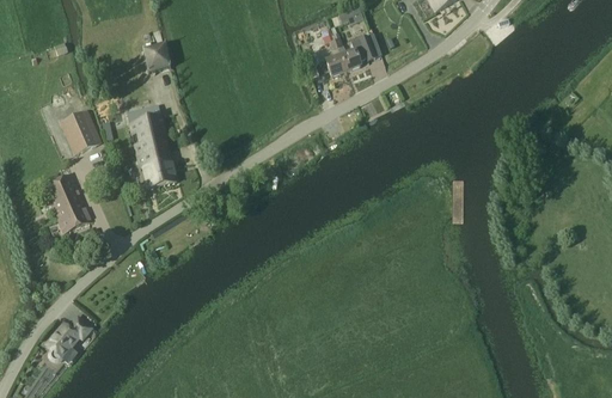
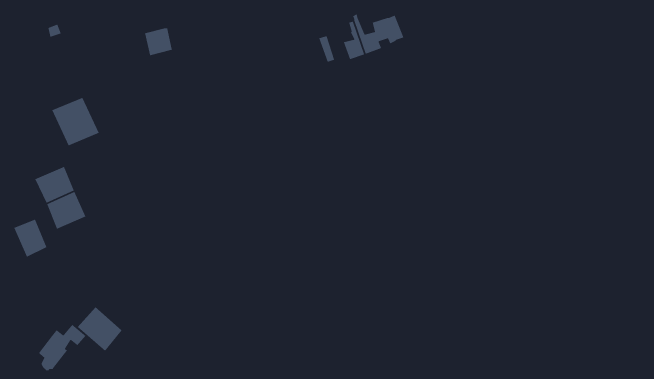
building: [129,114,177,186] -> none
building: none -> [13,218,48,258]
building: none -> [77,307,122,352]

